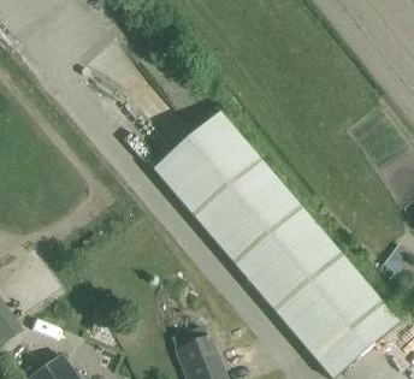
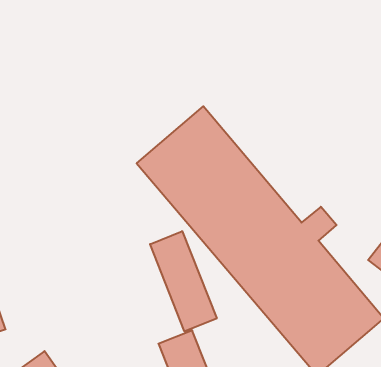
building: none -> [150,231,217,331]

